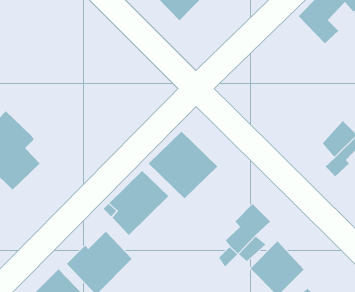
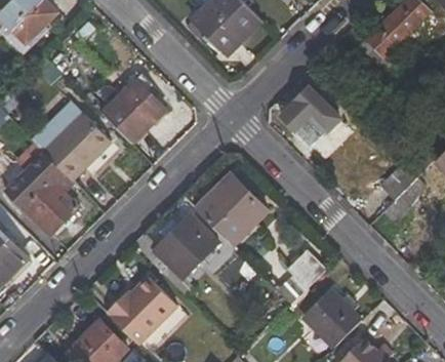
building: none -> [102,78,167,144]
building: none -> [279,84,341,148]
building: none -> [43,112,111,178]

